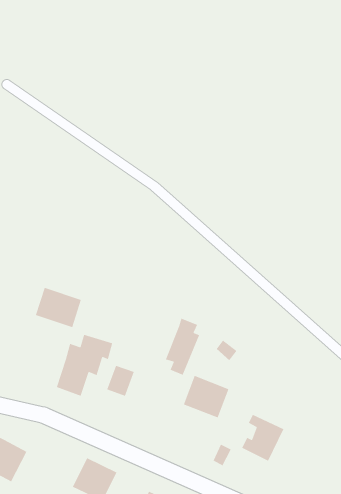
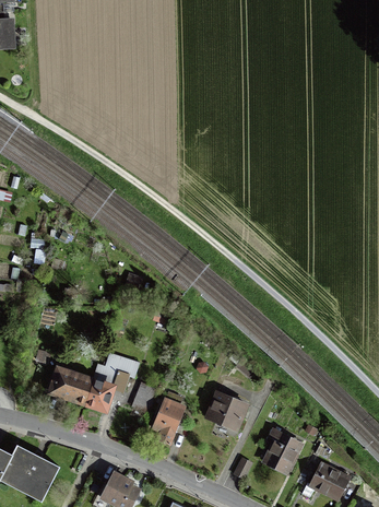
building: [35,287,82,328] -> [47,365,92,404]
building: [165,318,200,376] -> [152,390,186,446]
building: none -> [308,462,350,500]

